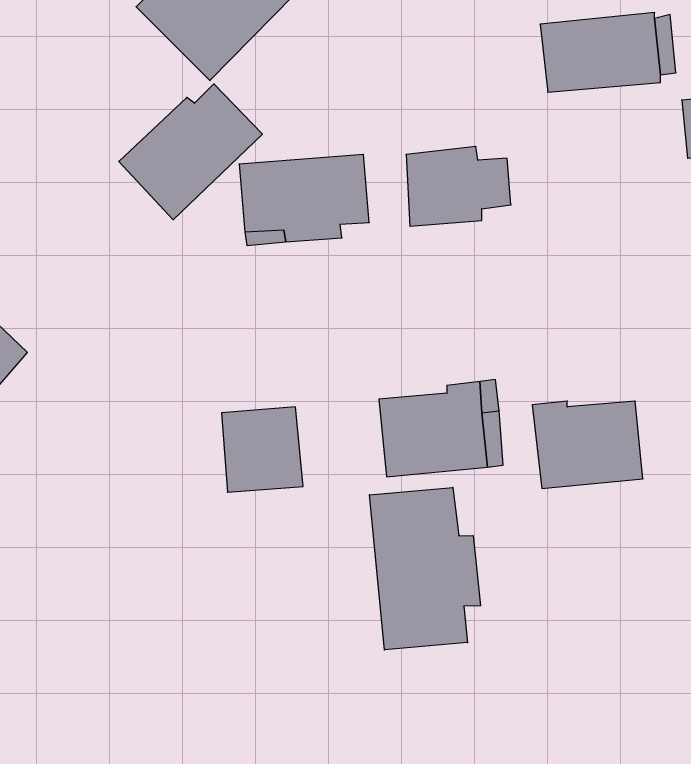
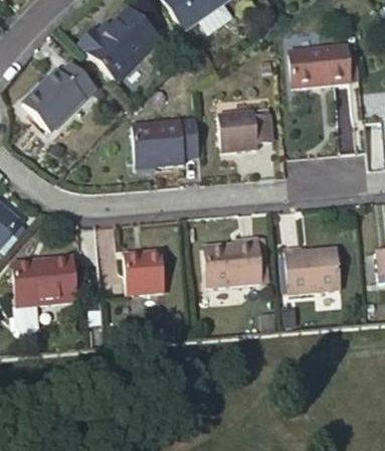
building: [119,84,262,220] -> [22,60,97,131]
building: none -> [12,257,77,306]
building: [370,487,481,650] -> none

